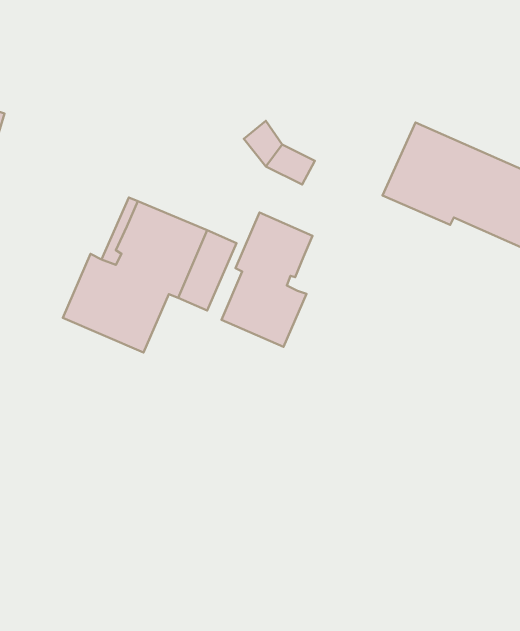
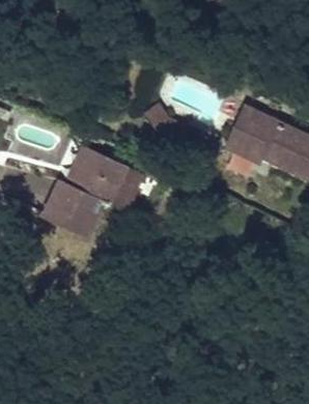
building: [222,212,313,347] -> none

